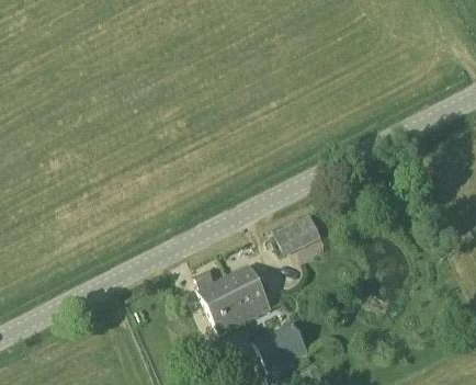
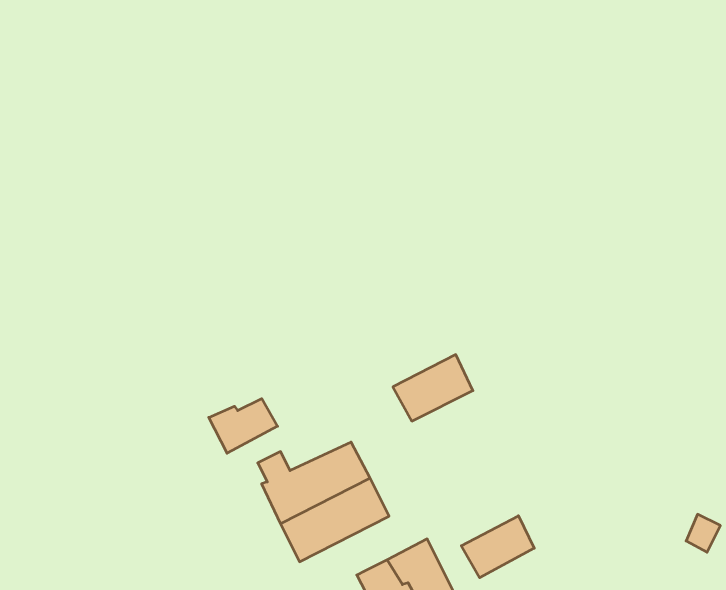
building: none -> [209,399,278,453]
building: none -> [461,516,534,578]

